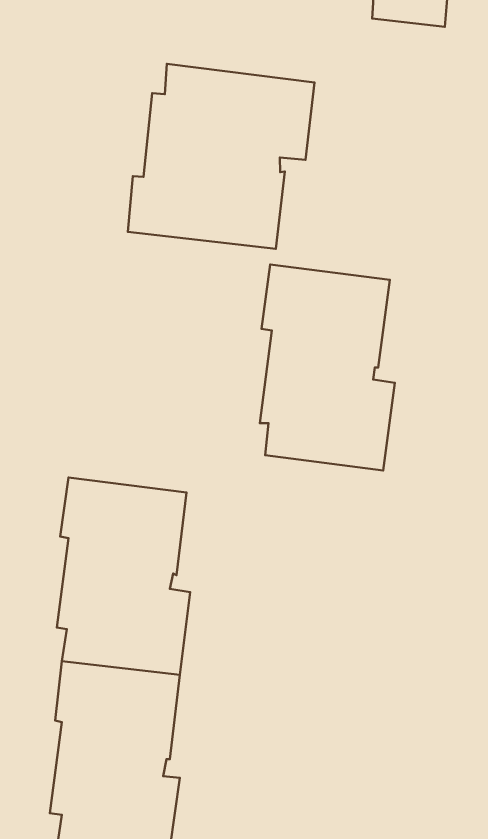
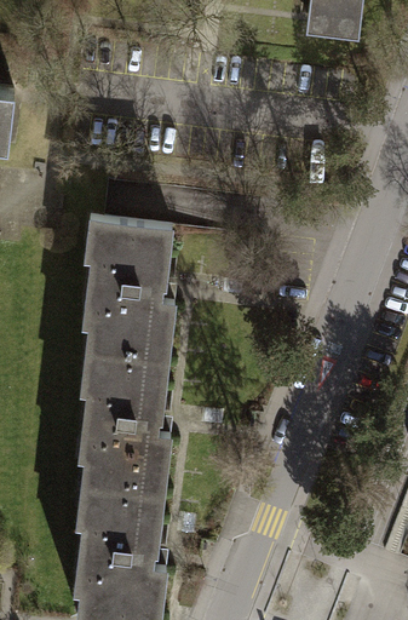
building: [128,64,314,249] -> none
building: [260,265,395,470] -> [81,220,178,368]

